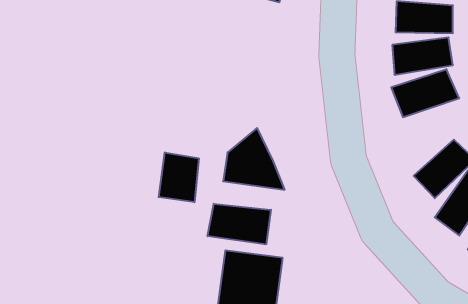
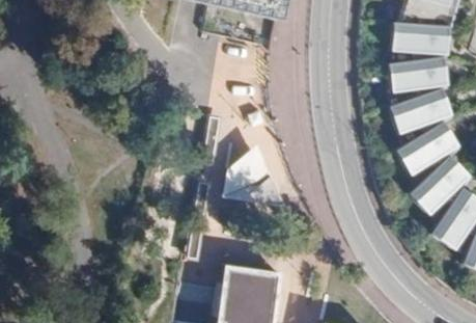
building: none -> [395,123,458,176]
building: [159,152,199,202] -> none
building: [208,204,271,244] -> none

